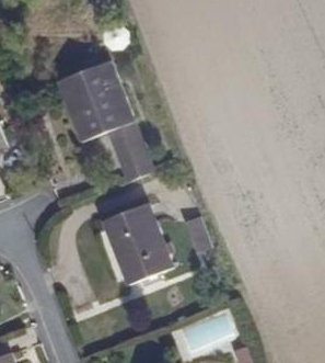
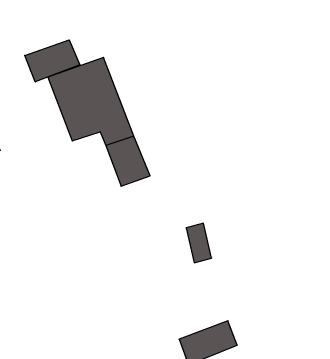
building: none -> [25,40,80,82]
building: [97,197,169,282] -> none

